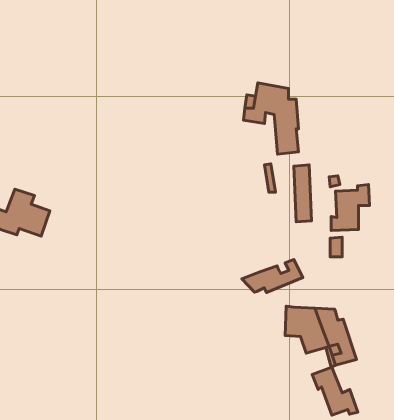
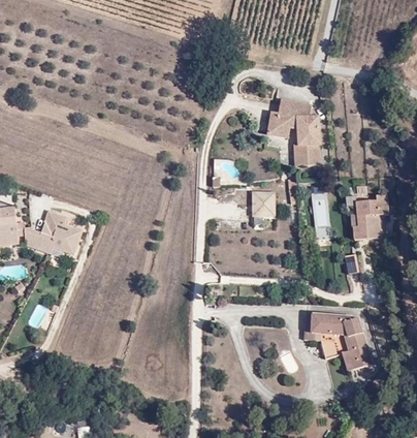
building: none -> [252,187,276,214]
building: [242,259,303,292] -> none
building: [312,367,358,415] -> none

